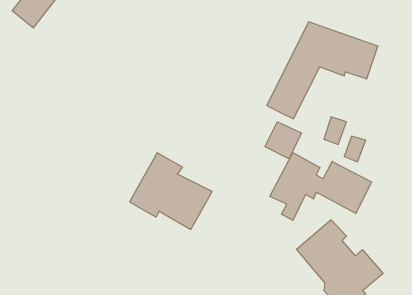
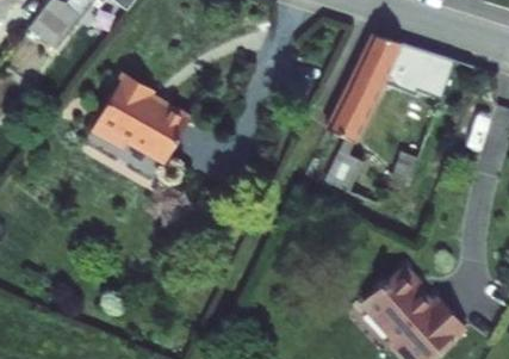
building: [270,153,372,220] -> none
building: [130,153,212,229] -> [92,70,188,160]

